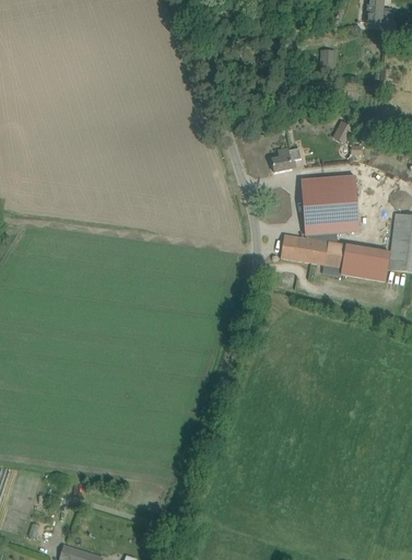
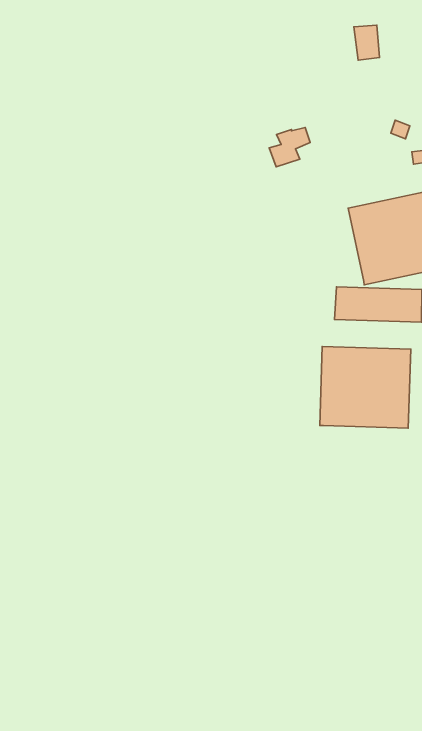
building: [271,147,301,172] -> [269,128,310,167]
building: none -> [320,346,411,428]

